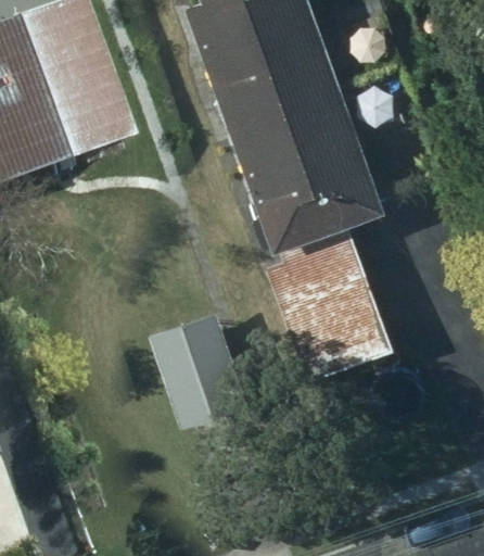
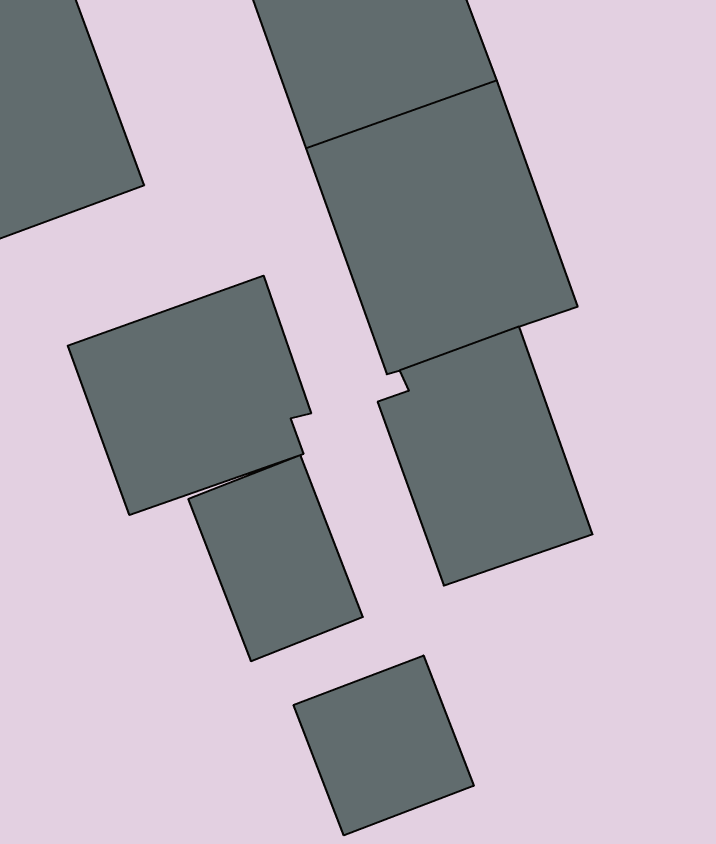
building: none -> [68,276,311,515]
building: none -> [294,655,474,835]

